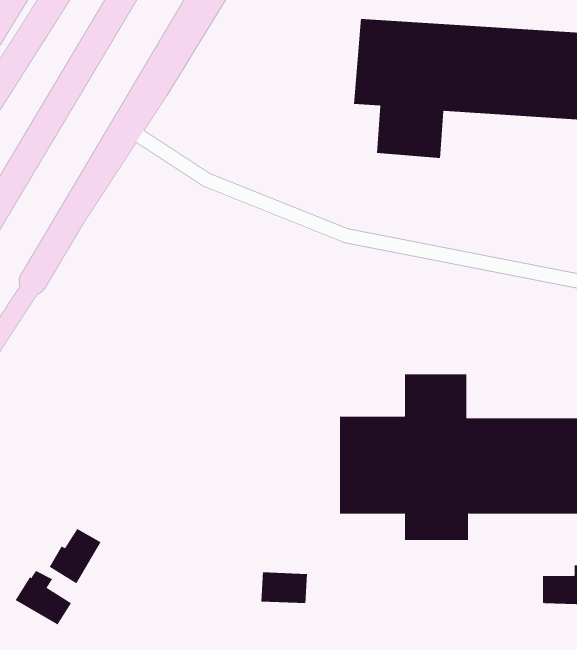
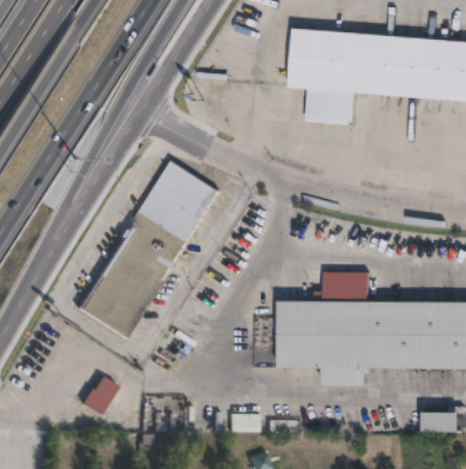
building: none -> [75,163,217,342]
building: [15,570,72,625] -> none

